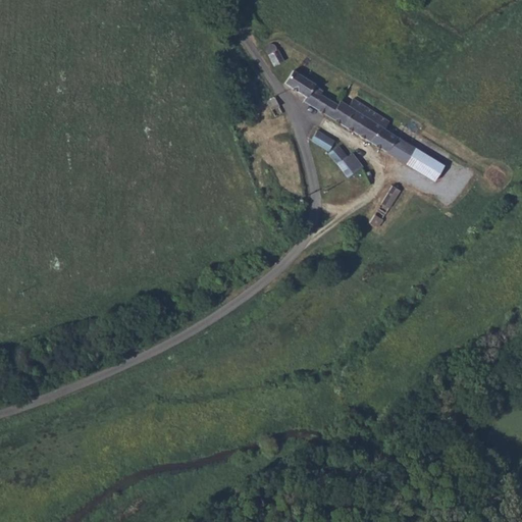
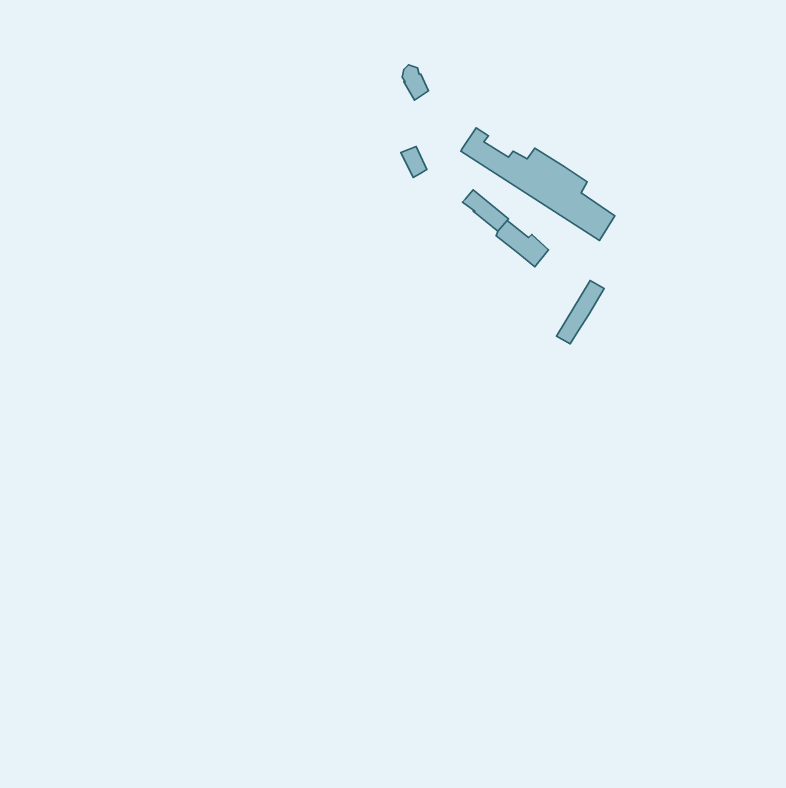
building: [284,70,316,98] -> none
building: [398,143,445,182] -> none

